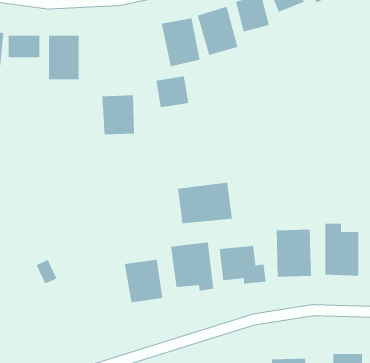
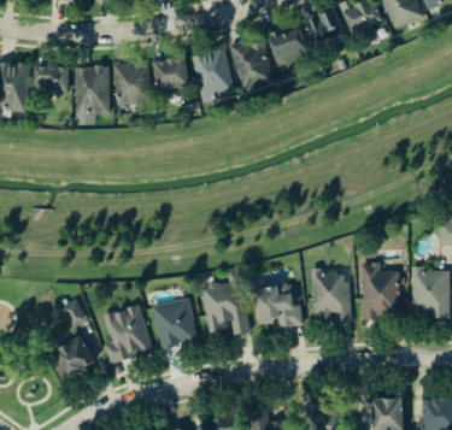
building: [156,76,189,108] -> [153,58,188,92]
building: [101,95,135,135] -> [113,63,148,105]
building: [177,182,233,224] -> none
building: none -> [101,305,149,360]
building: none -> [46,335,95,382]

